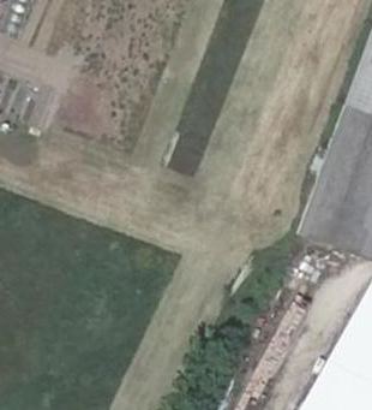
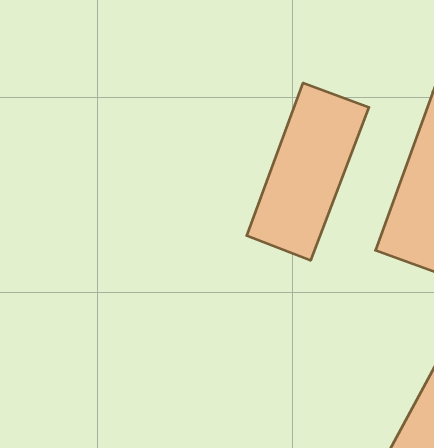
building: none -> [247,83,369,260]

